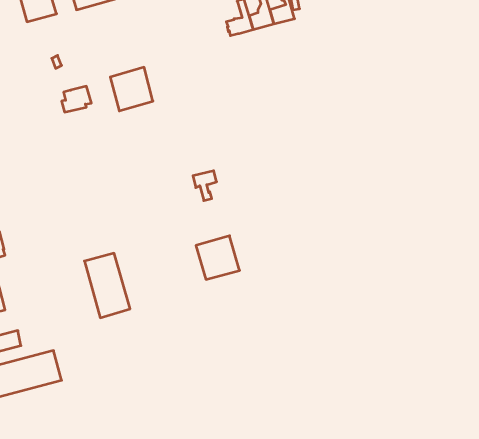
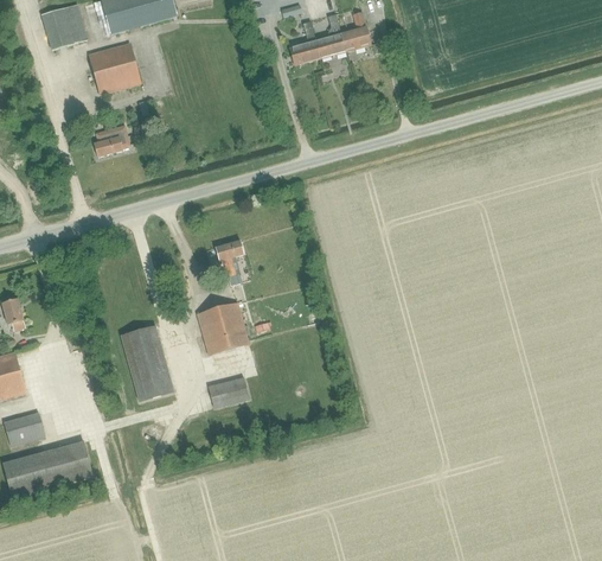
building: [110,67,153,111] -> [89,42,140,94]
building: [193,171,217,201] -> [214,240,243,275]
building: [196,236,240,279] -> [197,301,249,353]
building: none -> [209,376,249,407]

